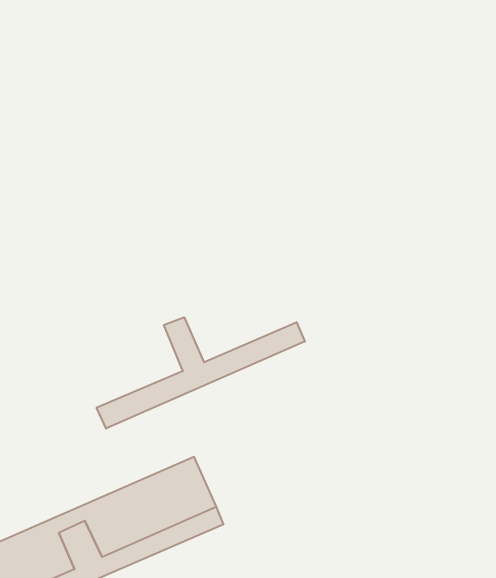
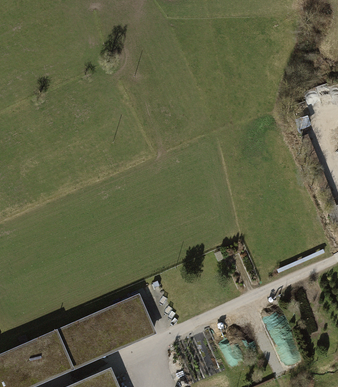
building: [97,317,305,429] -> none

